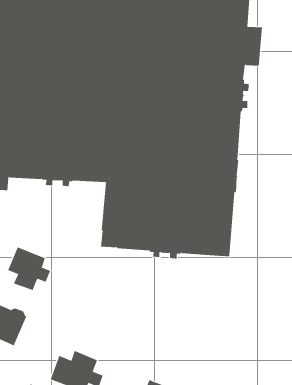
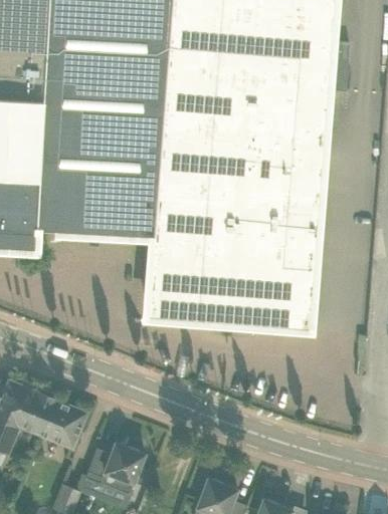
building: [7,246,51,291] -> none
building: none -> [41,400,86,449]

